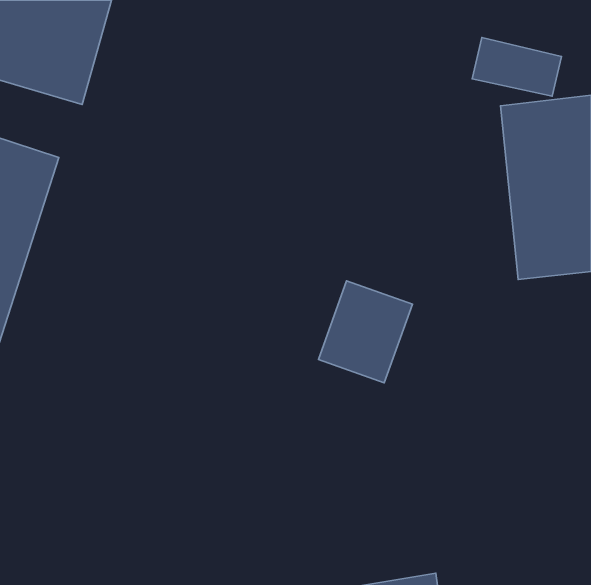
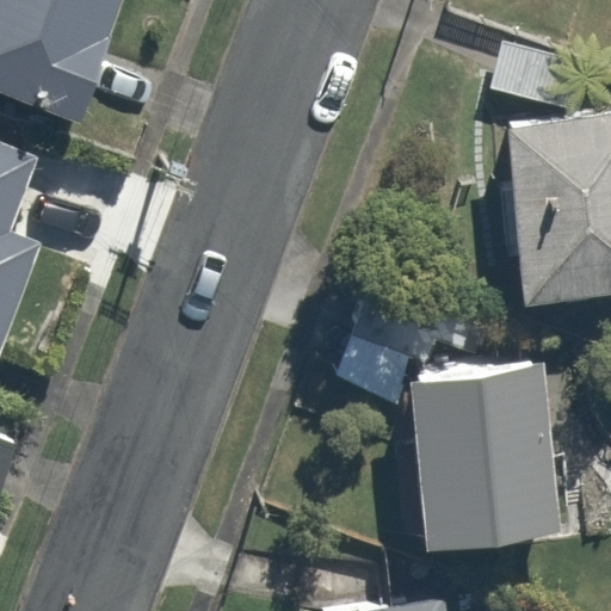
building: none -> [407,359,562,543]

